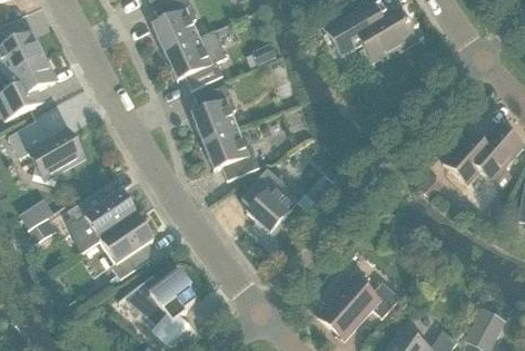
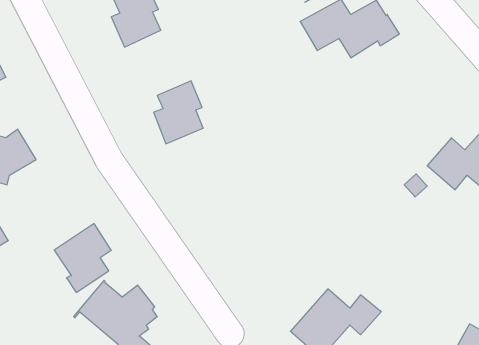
building: [165,28,226,88] -> none
building: [202,126,259,178] -> none
building: [241,166,303,238] -> none
building: [68,186,137,251] -> none

